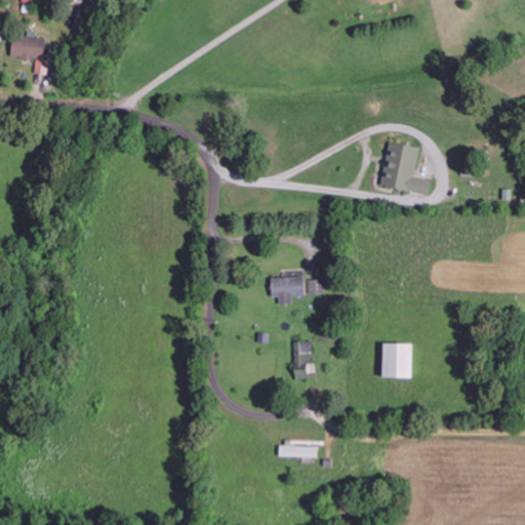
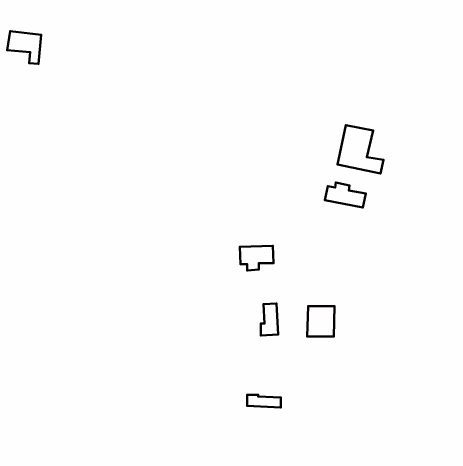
building: none -> [325,182,366,207]
building: [381,344,412,377] -> [307,306,335,336]

